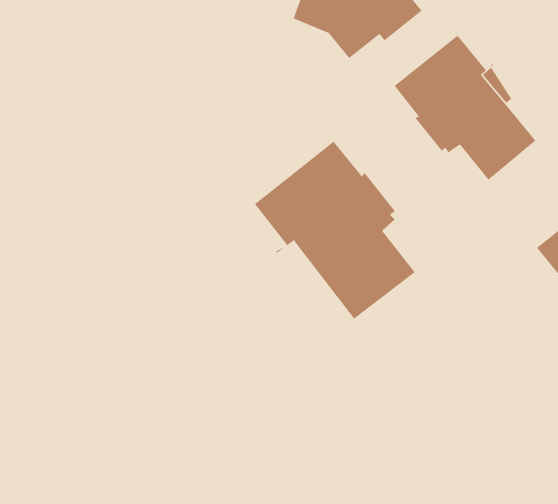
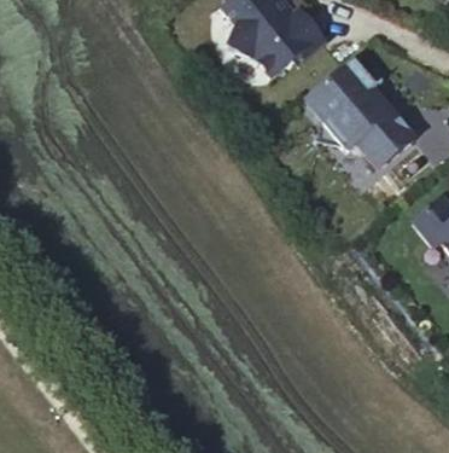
building: [254,141,415,320] -> none

